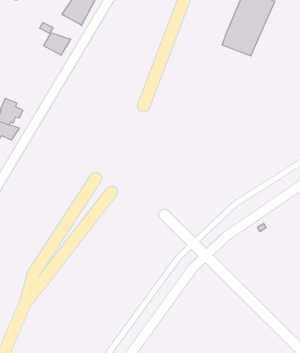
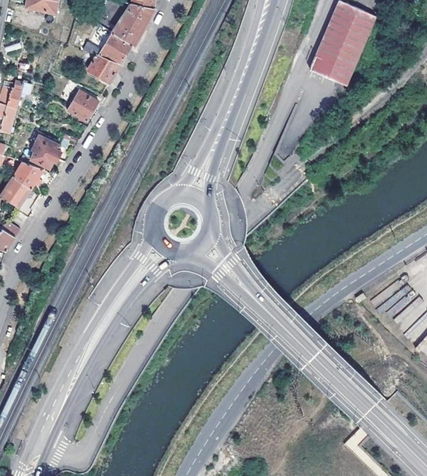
building: none -> [99,33,132,63]
building: none -> [65,89,98,120]

